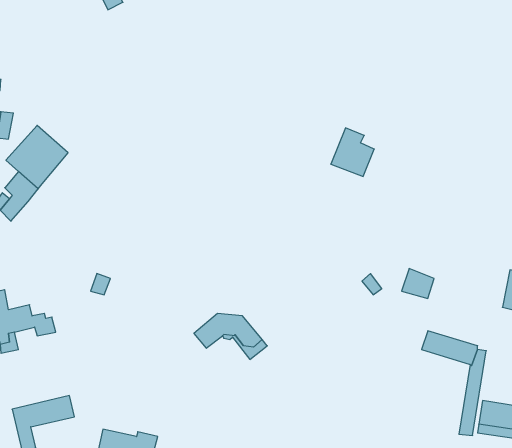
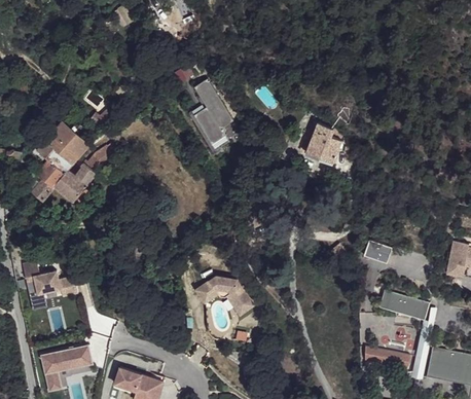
building: none -> [193,79,233,145]
building: none -> [56,146,115,199]
building: none -> [365,346,410,372]

